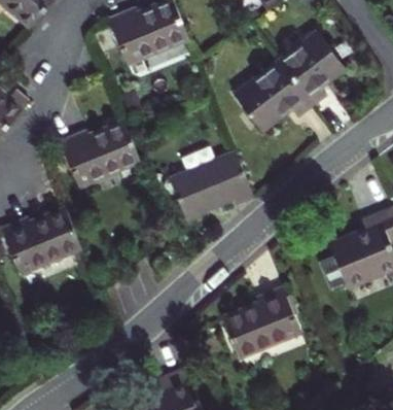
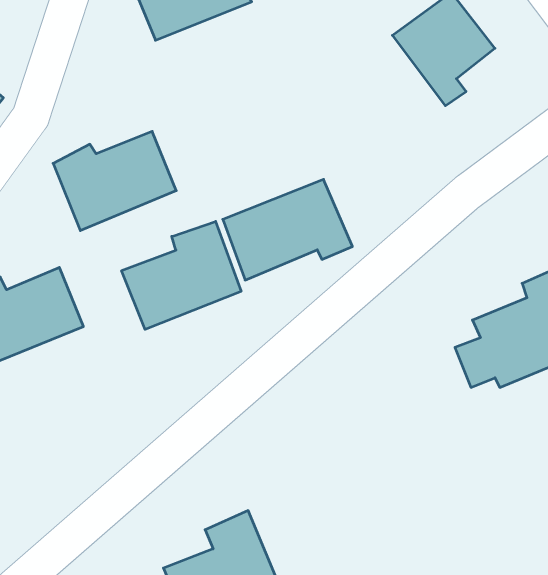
building: [233,61,313,132] -> none
building: none -> [122,221,241,329]
building: [224,286,301,355] -> none

